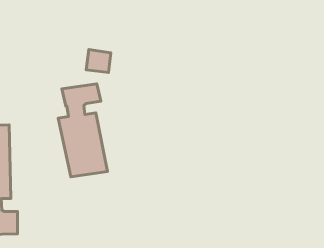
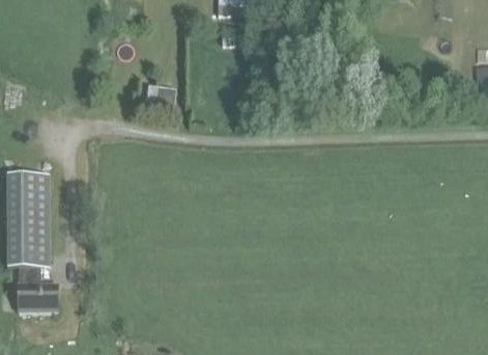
building: [58,84,107,177] -> none

